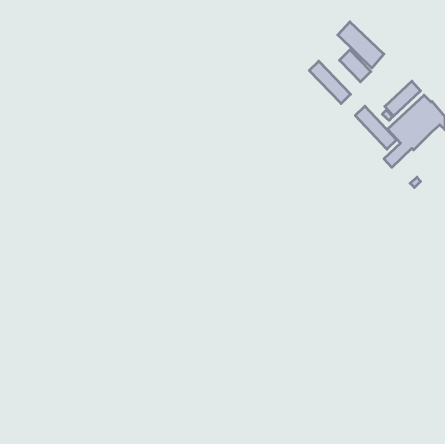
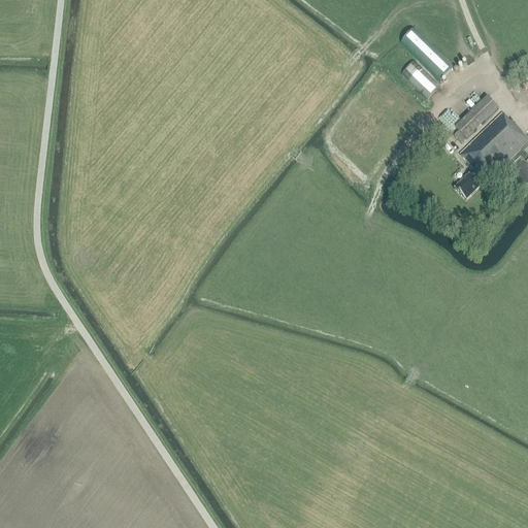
building: [309,61,351,104] -> none
building: [355,106,397,149] -> none

